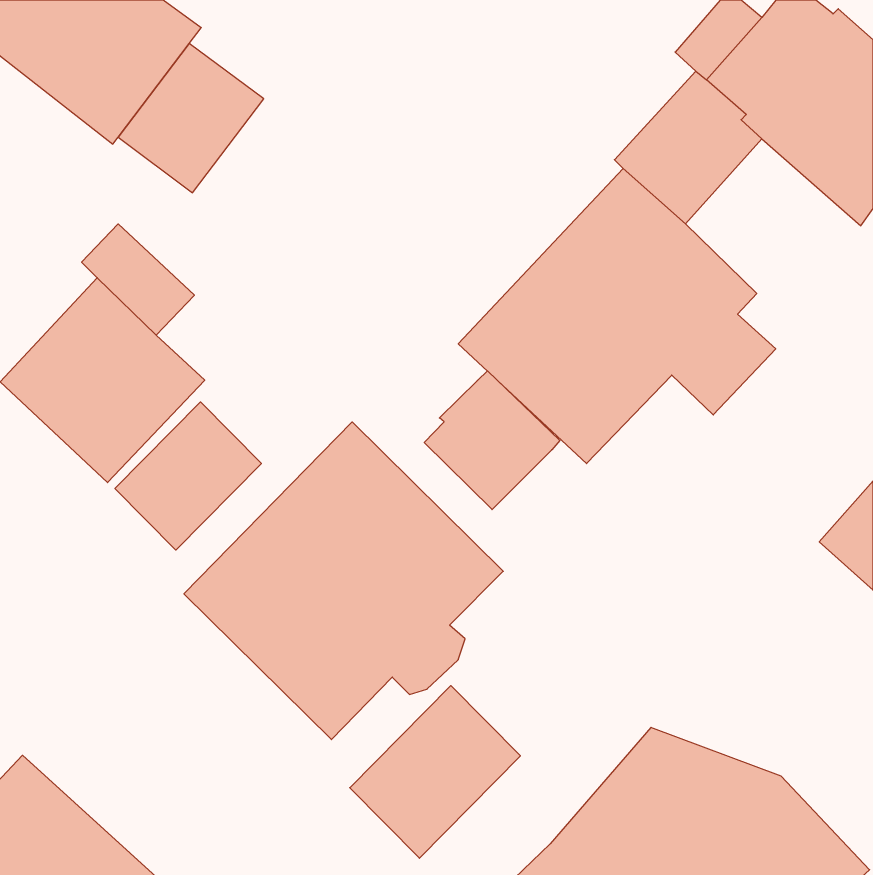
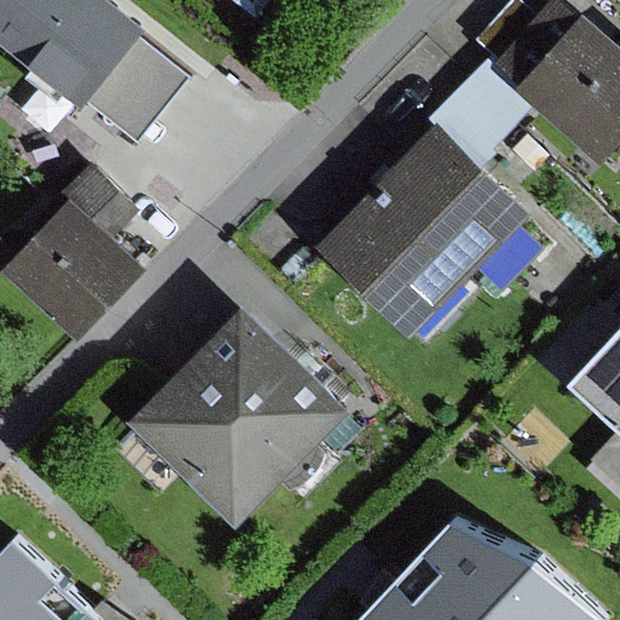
building: [424,371,560,510] -> none
building: [115,402,261,550] -> none
building: [350,686,520,858] -> none

